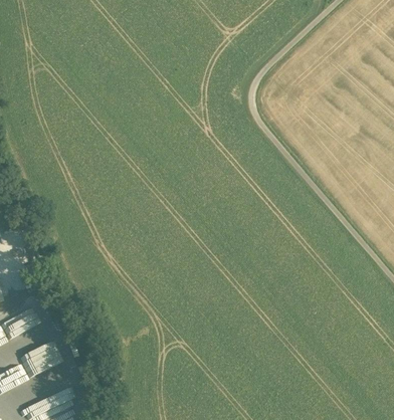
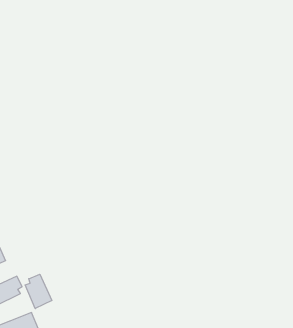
building: none -> [25,274,52,309]

